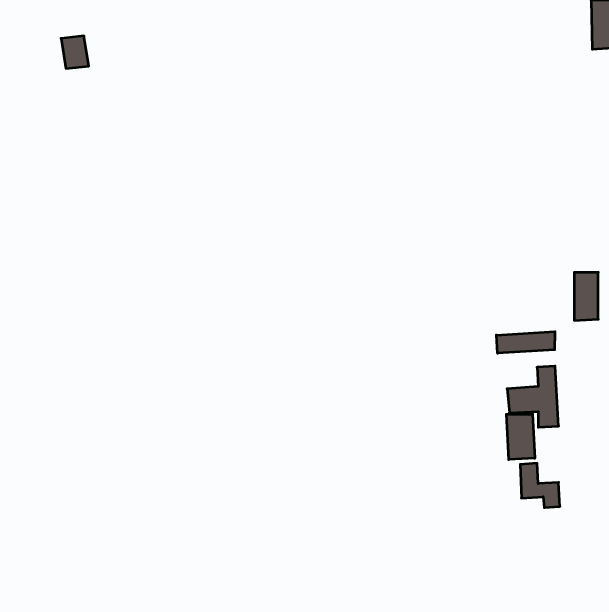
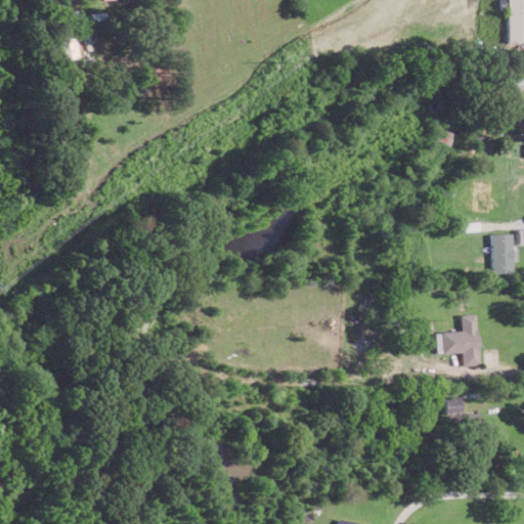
building: [496,332,555,353] -> none
building: [506,414,535,460] -> none

